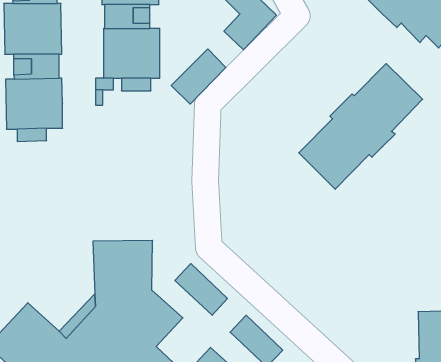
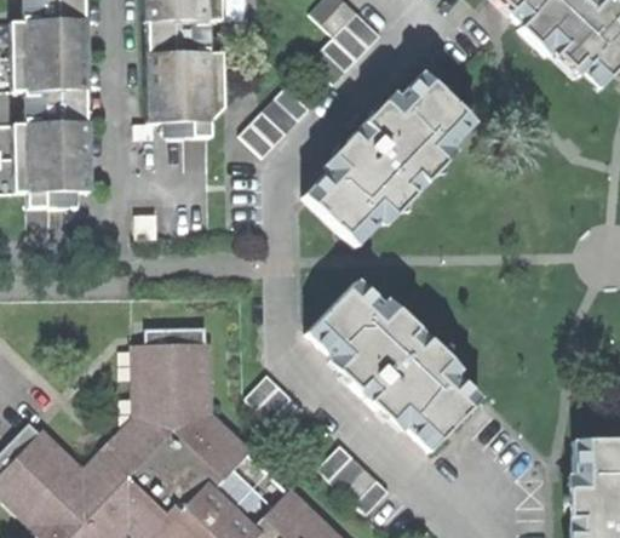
building: [299,64,423,189] -> [303,74,471,245]
building: none -> [308,280,480,448]

